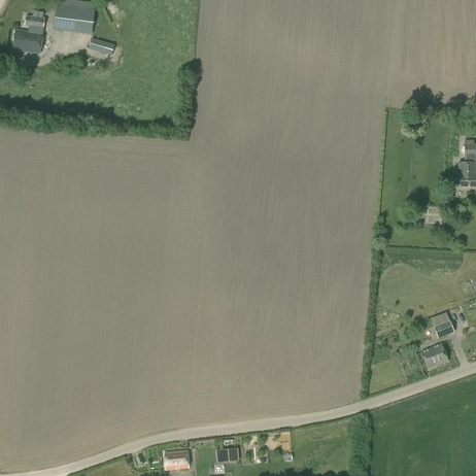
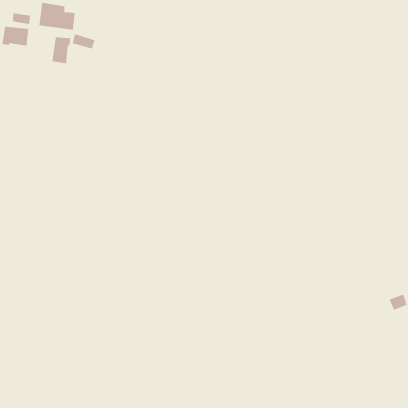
building: none -> [52,36,71,64]
building: [421,343,447,369] -> none

